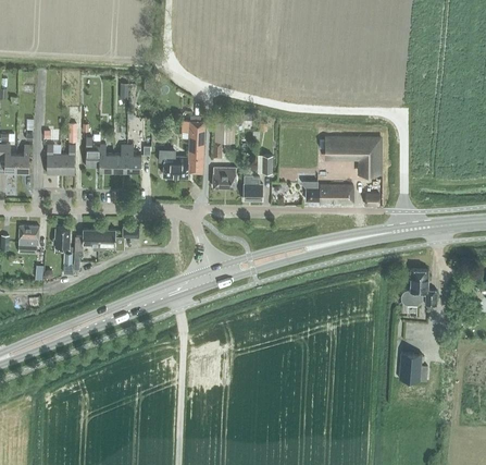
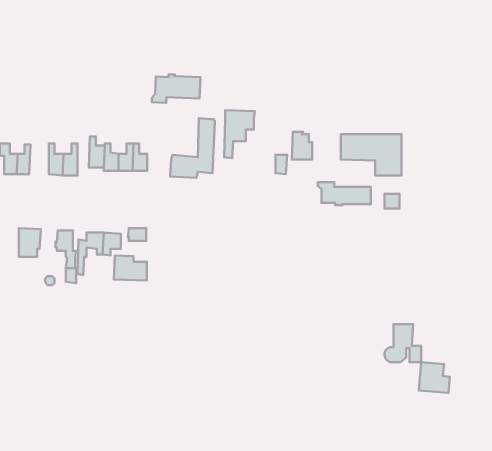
building: none -> [152,74,201,103]
building: [212,167,236,187] -> none
building: [242,174,262,200] -> [292,132,312,159]
building: none -> [114,255,147,280]
building: [401,269,436,305] -> [384,324,421,362]

